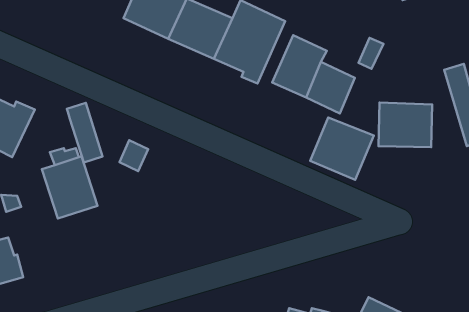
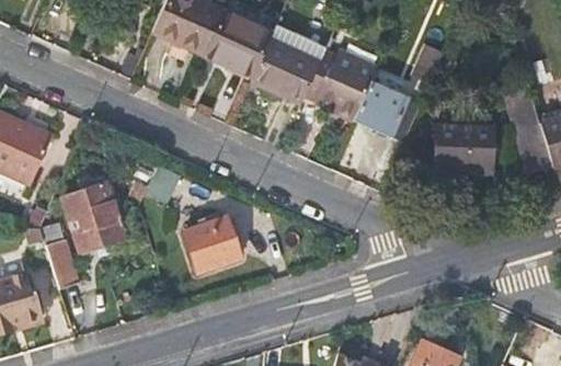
building: [67,103,103,163] -> [41,224,80,289]
building: [310,118,374,180] -> none
building: none -> [185,217,241,273]

